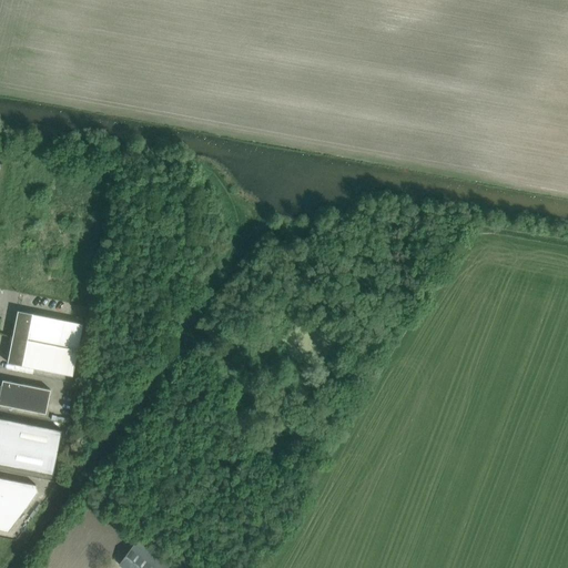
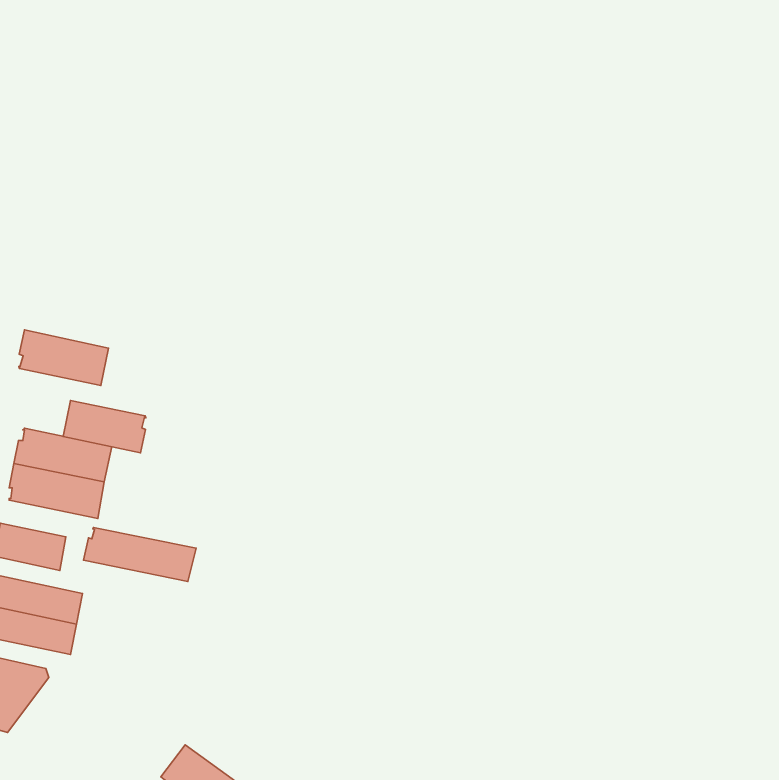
building: none -> [19,330,108,386]
building: none -> [63,401,146,453]
building: none -> [84,527,196,581]

